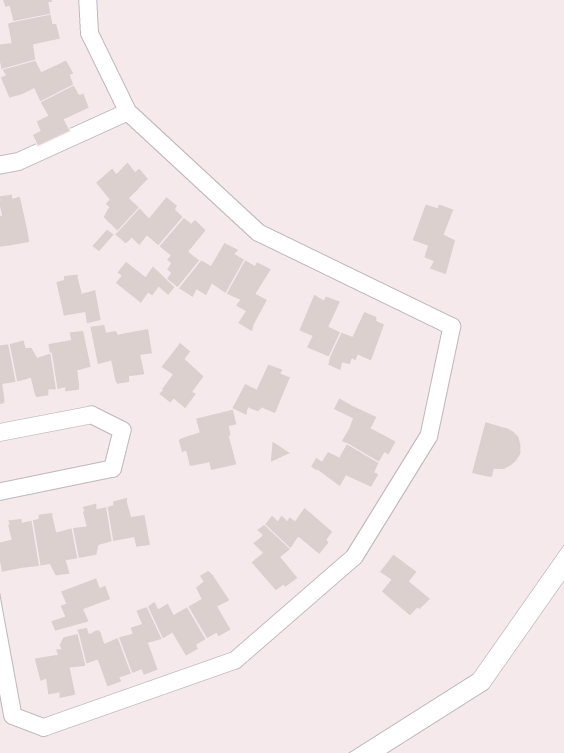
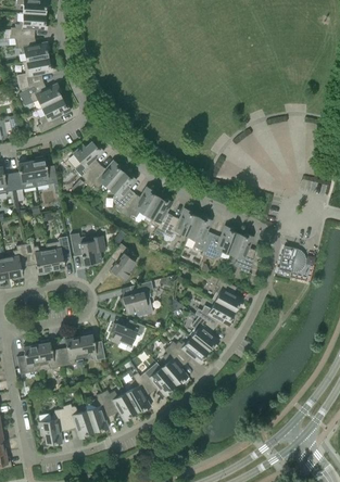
building: [412,204,456,275] -> [229,233,254,274]
building: [115,261,175,304] -> none
building: [56,274,102,324] -> [30,156,56,185]
building: [231,364,291,416] -> [163,208,197,238]
building: [471,421,521,477] -> [277,245,305,277]
building: none -> [110,319,144,345]
building: [379,555,431,616] -> [190,316,219,351]
building: none -> [140,368,175,396]
building: [50,578,111,631] -> none

